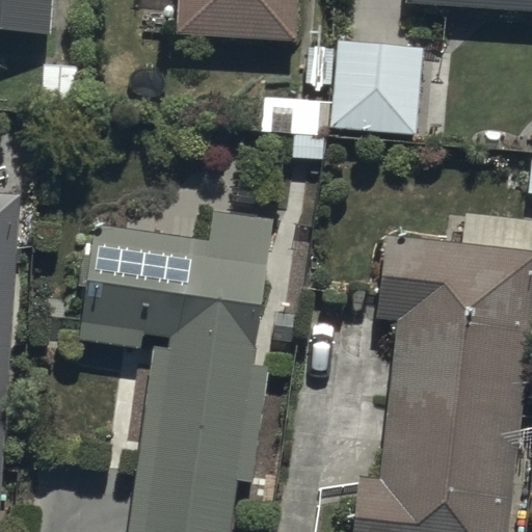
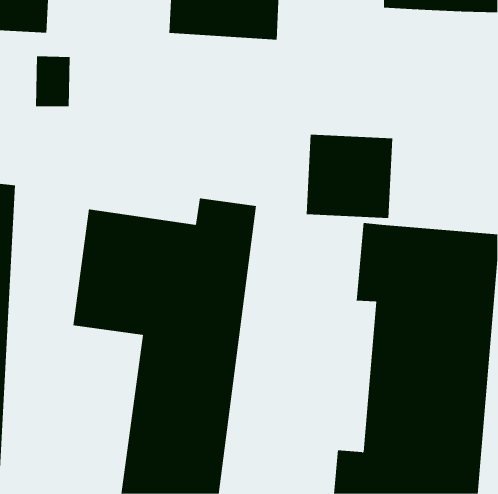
building: [329,42,422,131] -> [306,134,393,219]

